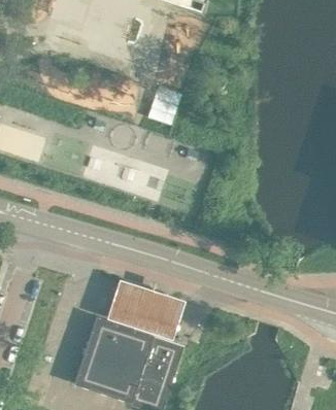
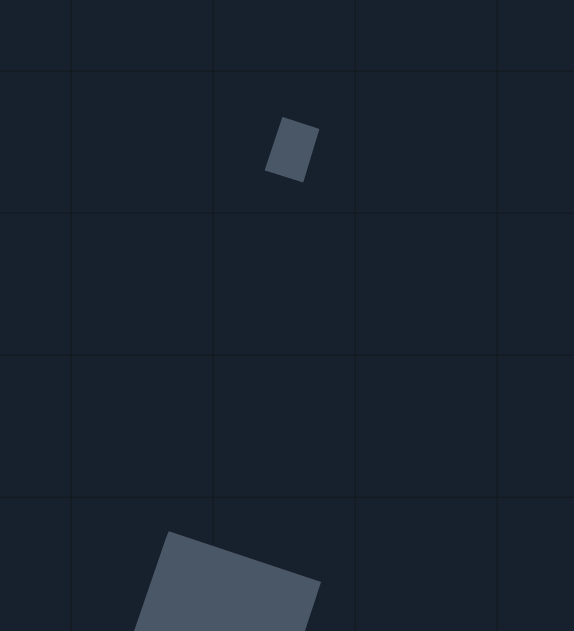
building: [105,278,186,339] -> none

